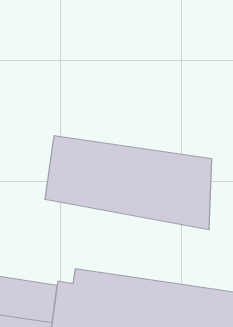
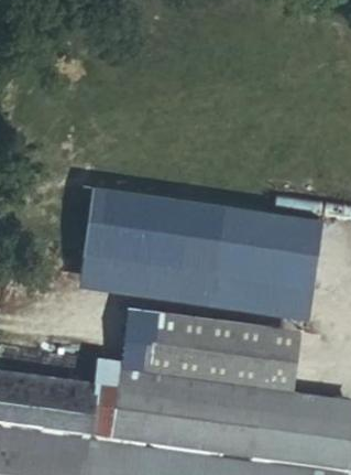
building: none -> [120,306,301,391]

